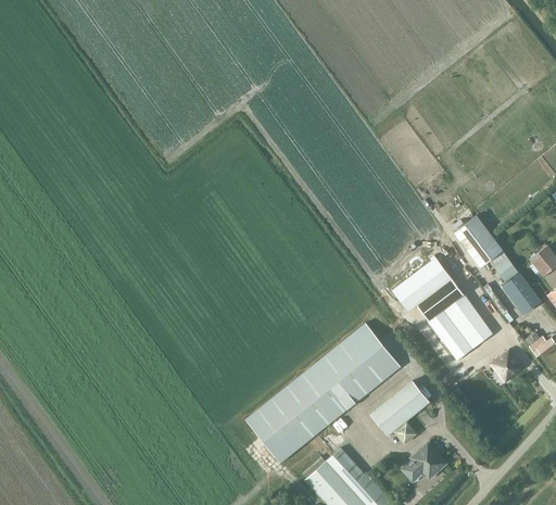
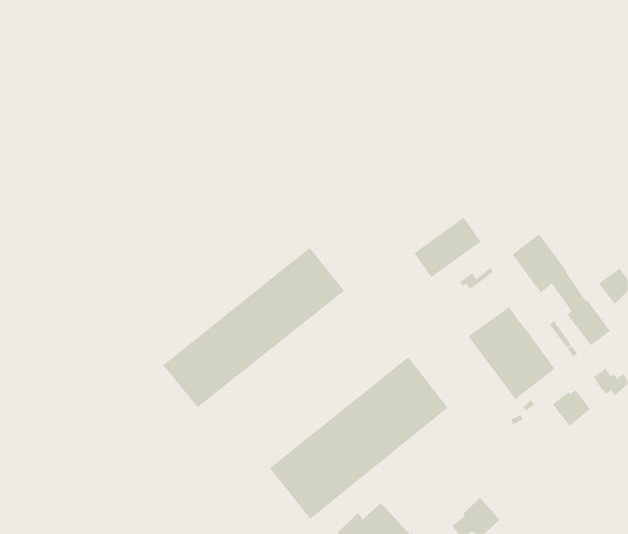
building: none -> [162,247,345,408]
building: [393,257,452,311] -> [413,217,481,278]
building: [370,384,425,435] -> none

